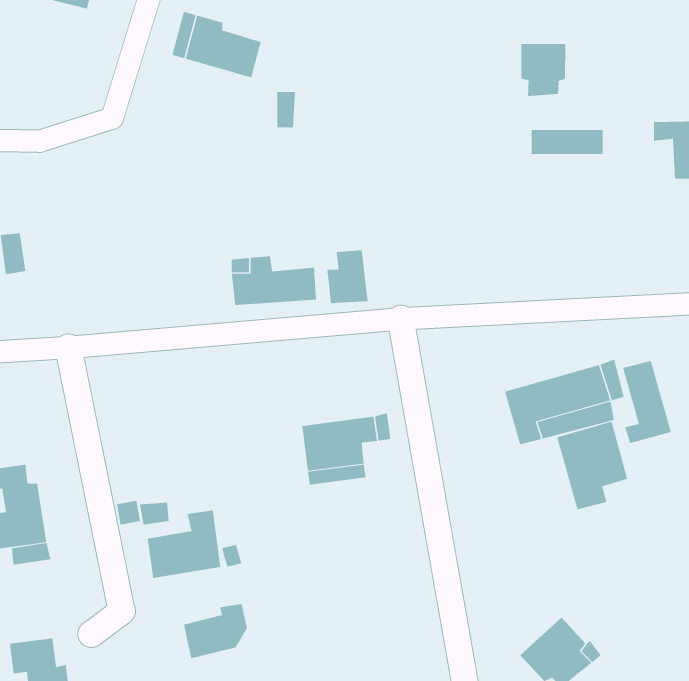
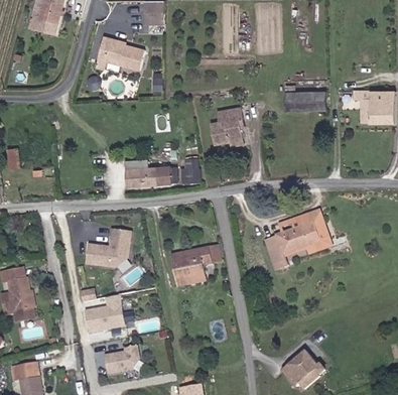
building: [521,43,566,97] -> none
building: none -> [212,108,246,143]
building: [622,360,671,444] -> none
building: none -> [85,231,130,269]
building: [556,421,628,510] -> none

